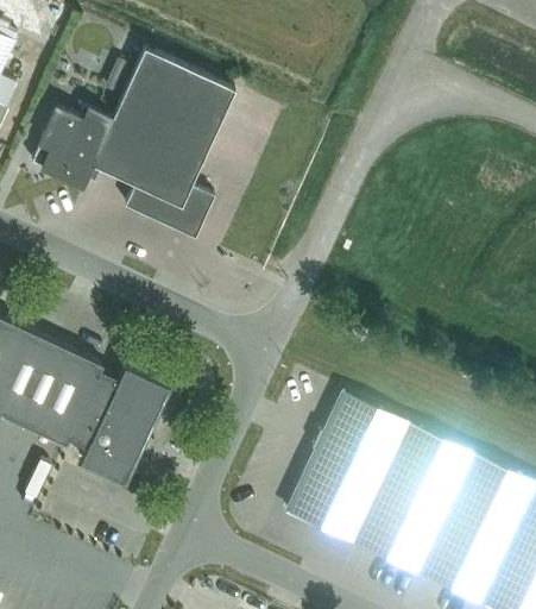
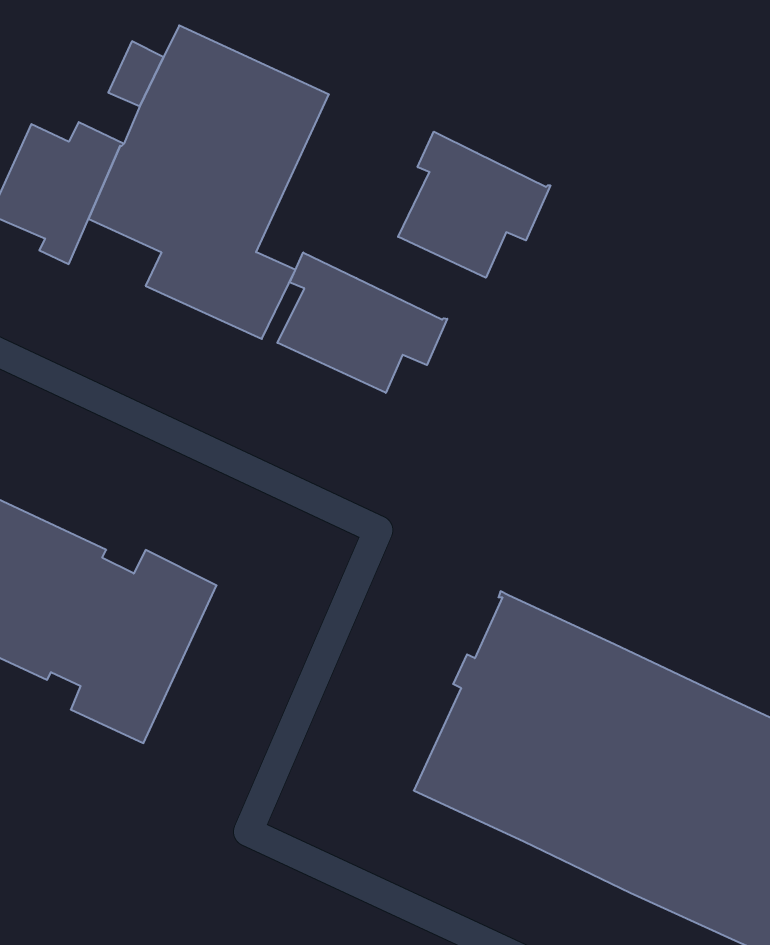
building: none -> [398,132,550,278]
building: none -> [277,252,447,393]

